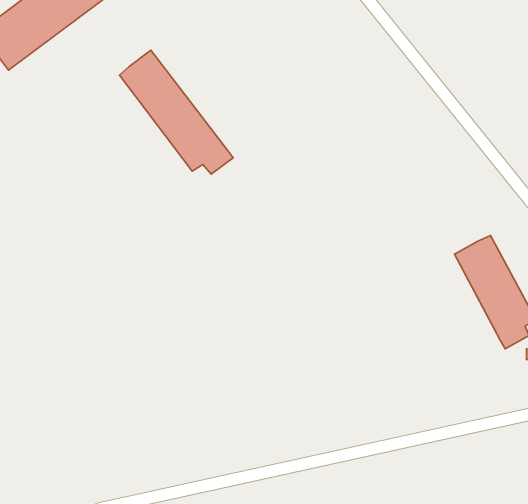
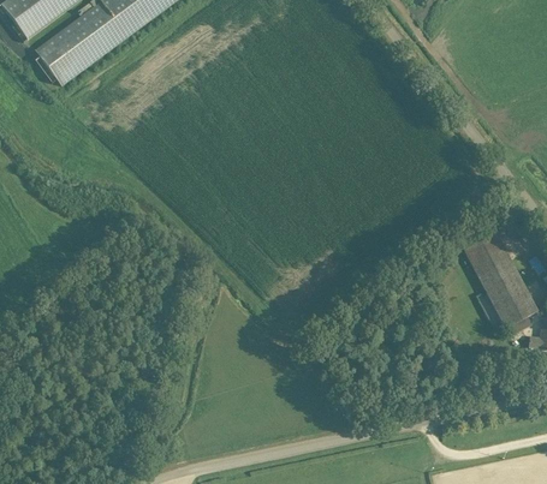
building: [119,50,233,174] -> none

